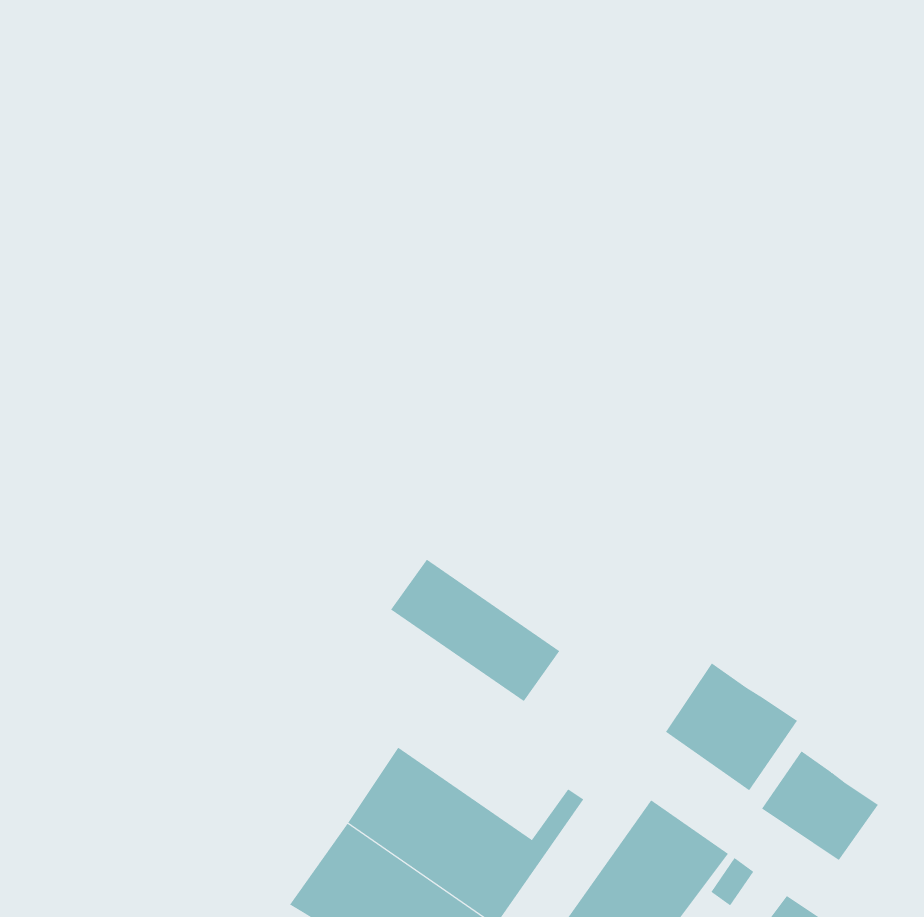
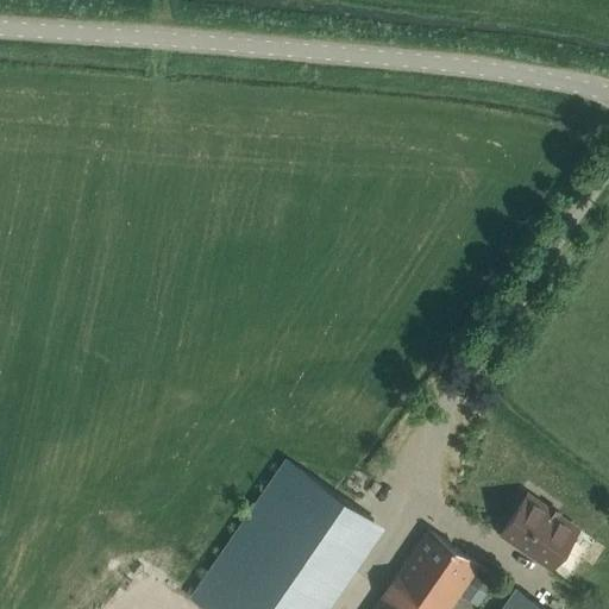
building: [390,559,560,702] -> [262,463,373,557]
building: [665,662,798,791] -> none

